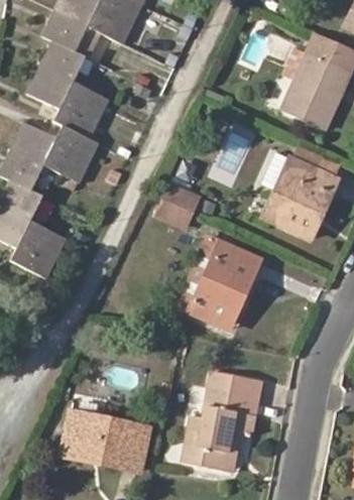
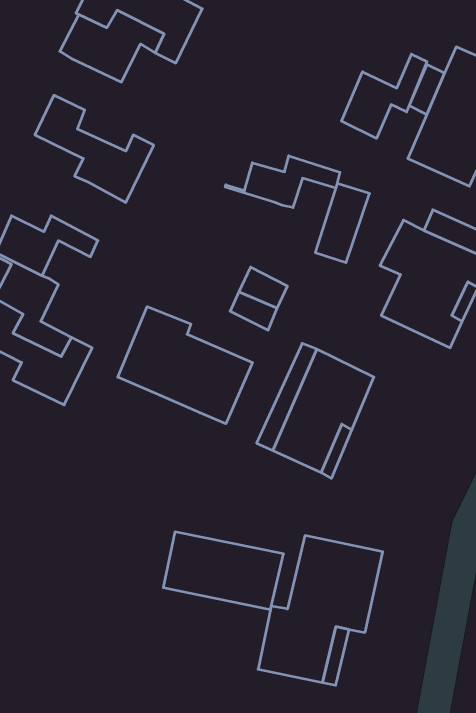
building: none -> [341,54,427,138]
building: [40,41,95,105] -> none
building: none -> [225,156,340,208]
building: [11,123,100,184] -> none
building: none -> [118,307,252,424]
building: [65,415,147,469] -> [163,532,284,610]

